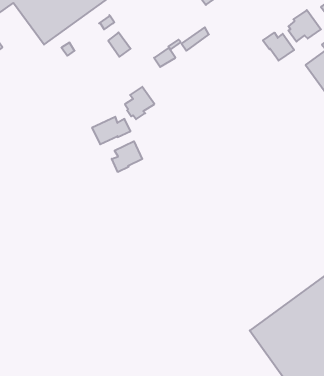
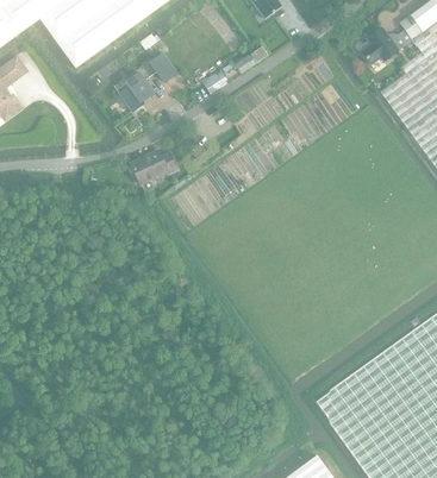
building: [263,33,294,61] -> none
building: [125,87,154,119] -> [119,71,154,109]
building: [112,141,142,172] -> none

